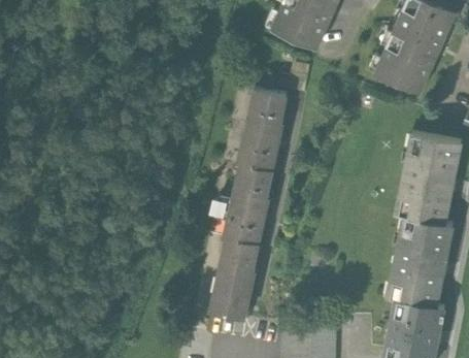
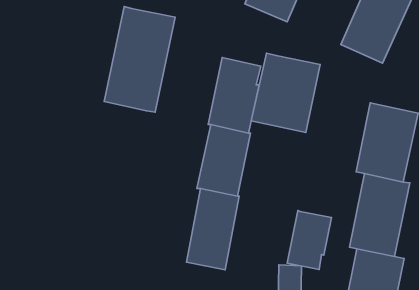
building: none -> [104,6,175,112]
building: none -> [251,53,320,132]
building: none -> [287,210,331,269]

